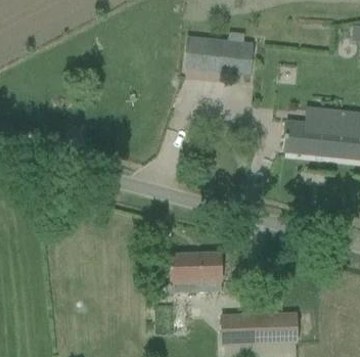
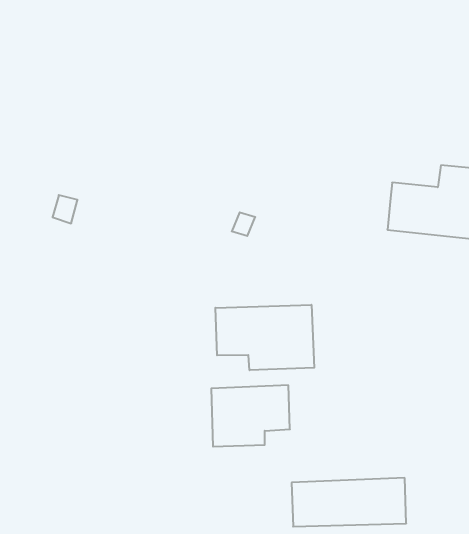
building: [185,35,254,74] -> none
building: none -> [215,305,314,370]

